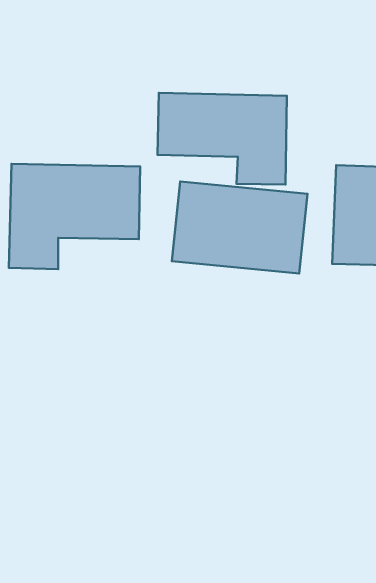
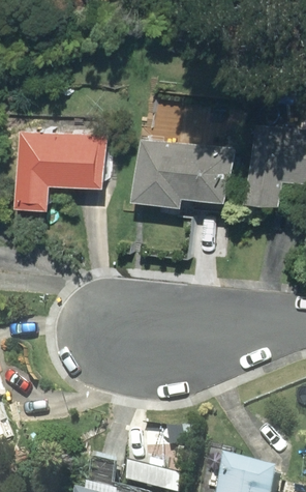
building: [158,93,287,184] -> none

